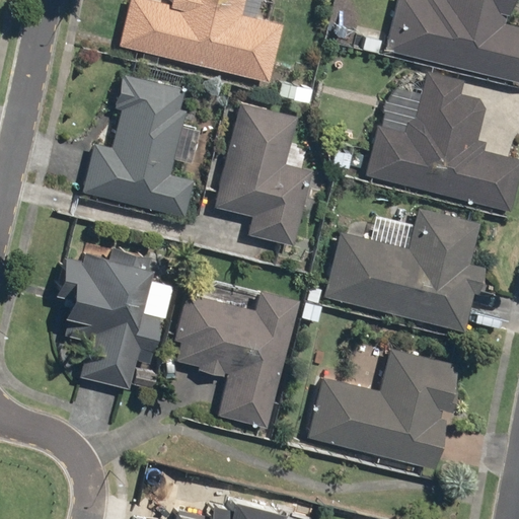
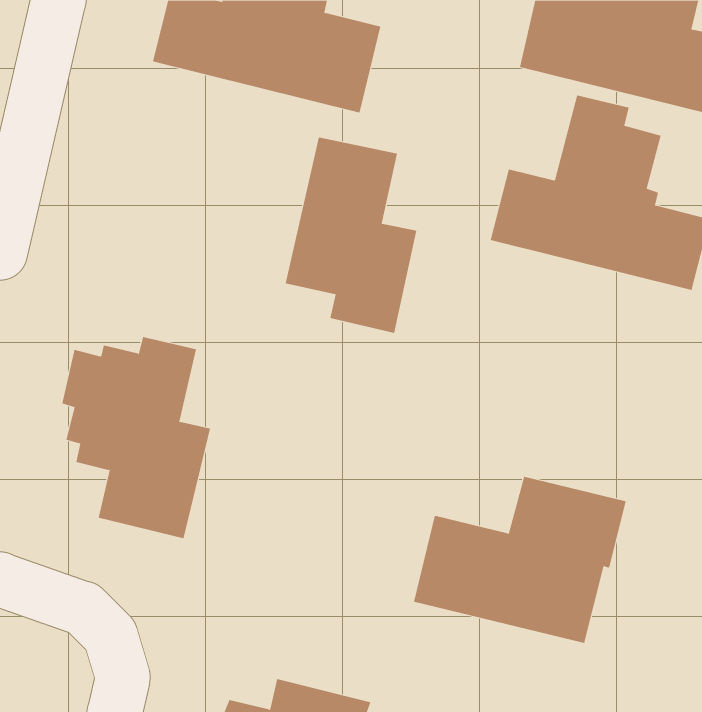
building: [82,73,202,218] -> none
building: [324,206,486,332] -> none
building: [169,290,298,428] -> none

